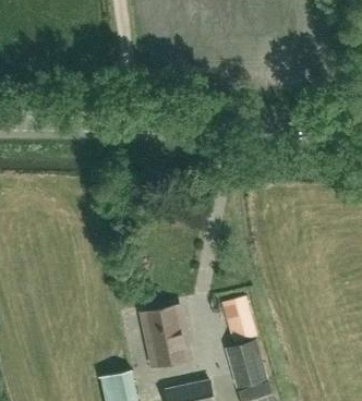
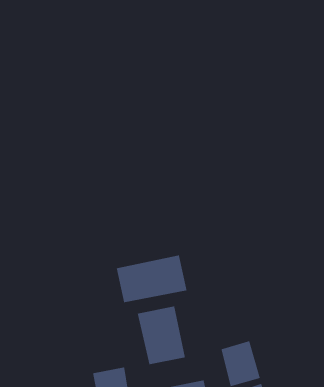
building: none -> [116,254,187,303]
building: [222,297,254,341] -> none

